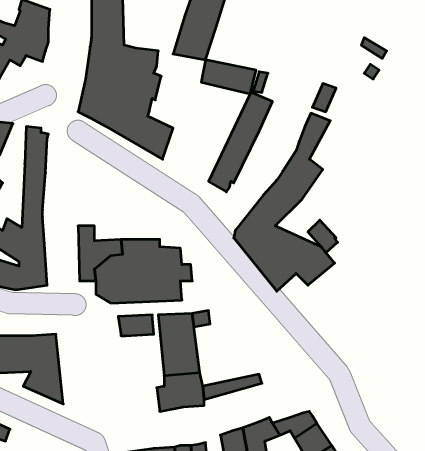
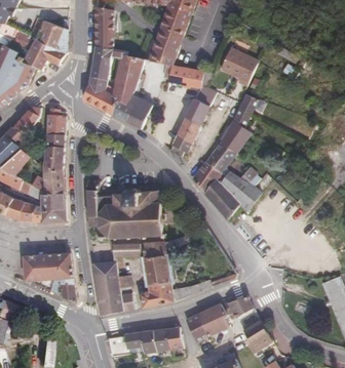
building: none -> [222,48,257,85]
building: none -> [91,255,130,310]

